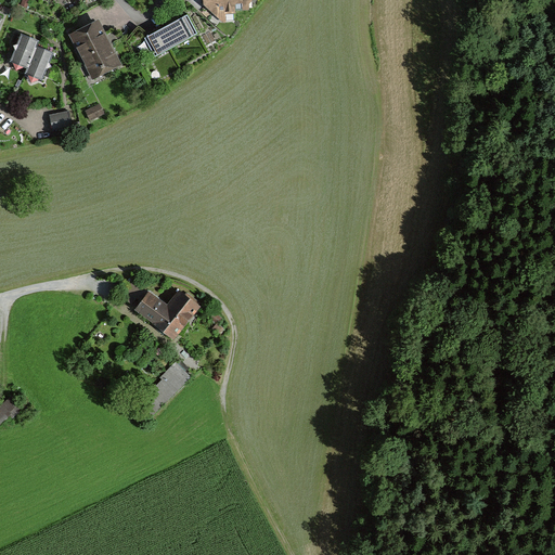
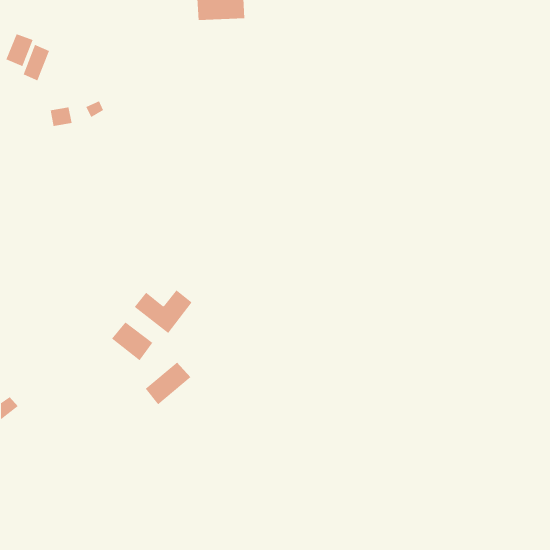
building: [146,11,199,53] -> none
building: [72,22,119,79] -> none
building: none -> [111,322,153,361]

